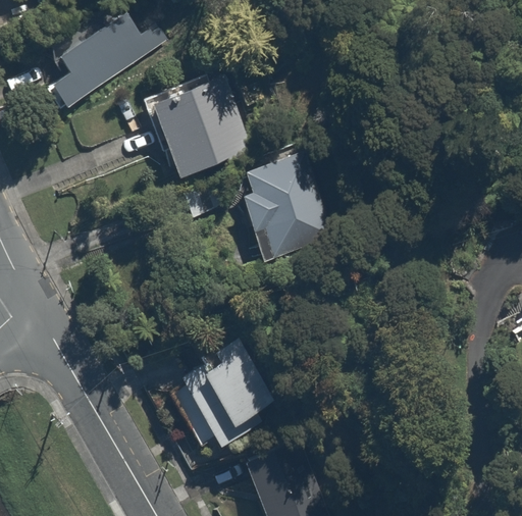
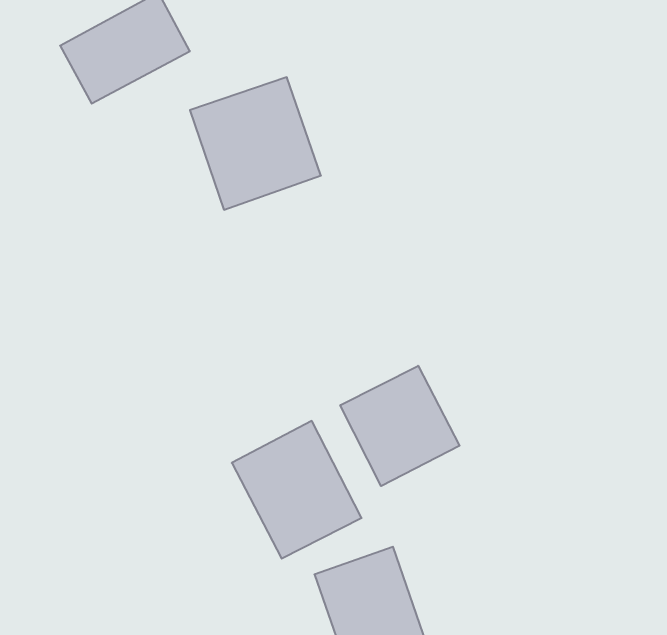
building: [240,160,326,263] -> none
building: none -> [340,366,460,486]

